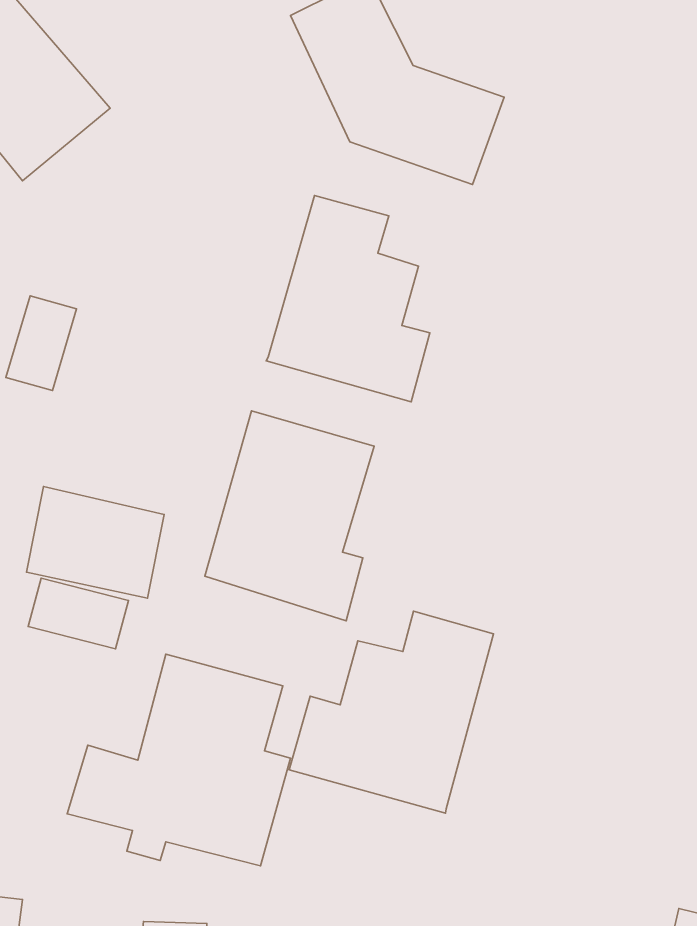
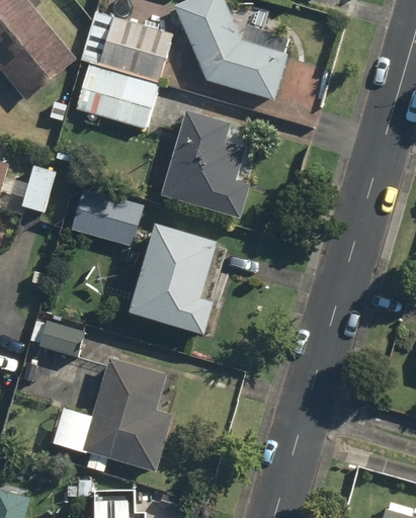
building: none -> [76,11,173,130]
building: [27,487,164,598] -> [68,184,143,245]
building: [289,611,493,813] -> none

